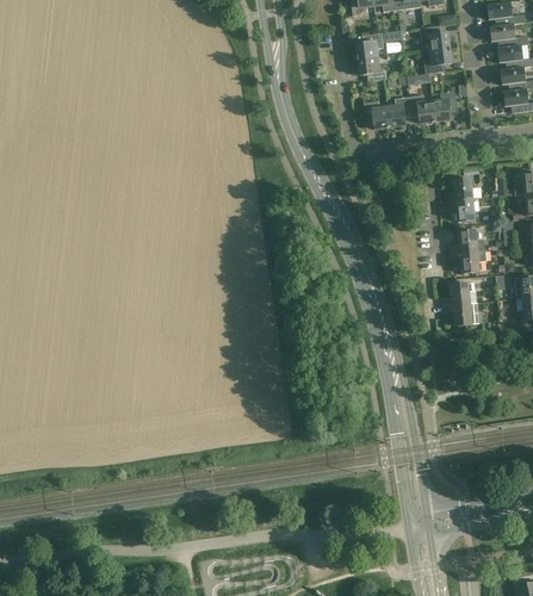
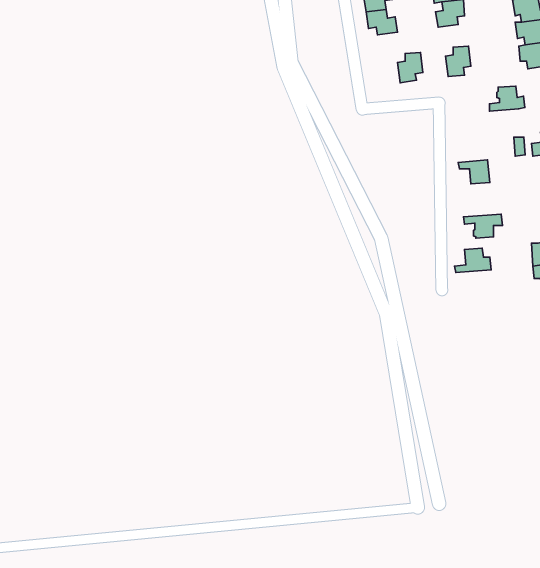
building: [410,94,436,122] -> none
building: [365,100,391,128] -> none
building: [446,176,479,200] -> [489,86,525,111]
building: [451,228,486,252] -> none
building: [444,302,479,324] -> none

